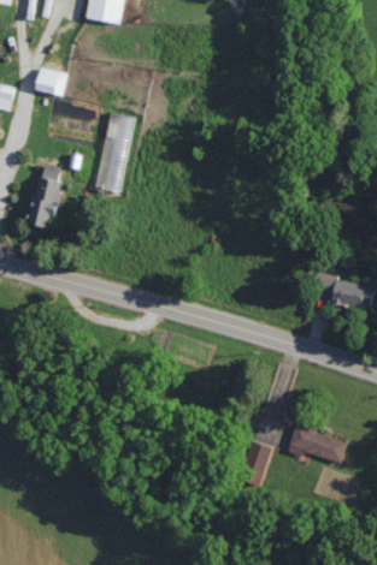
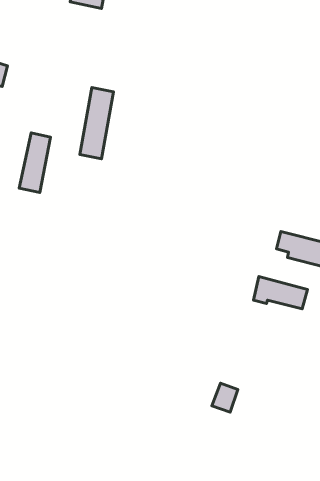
building: [35,67,65,94] -> none
building: [287,426,347,462] -> [253,276,307,309]

